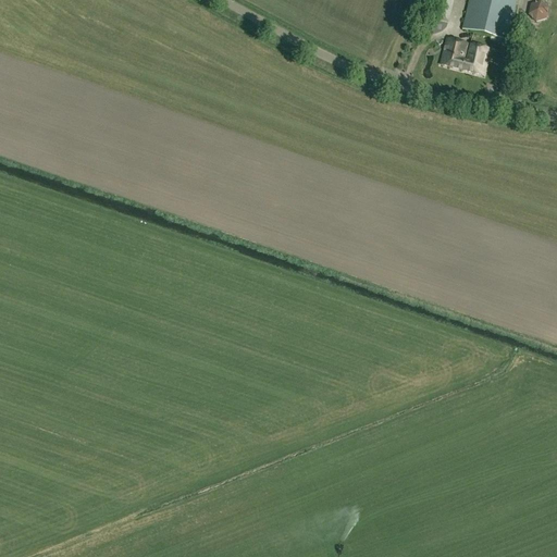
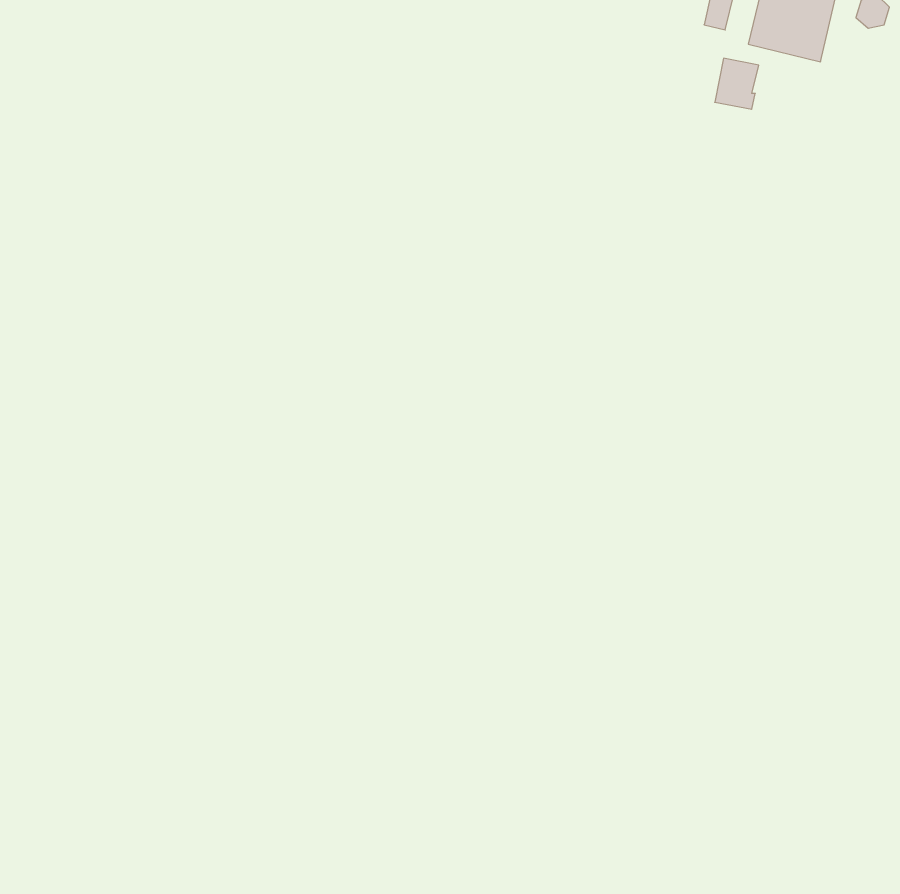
building: [463,40,490,72] -> none

